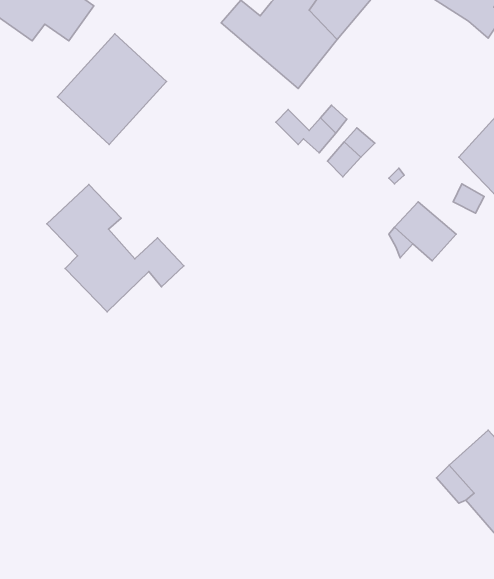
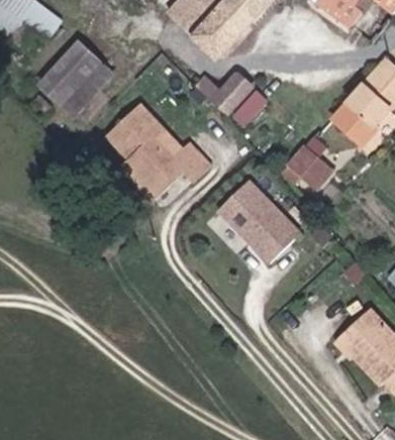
building: [47,185,184,312] -> [111,102,210,194]
building: none -> [212,175,302,264]

